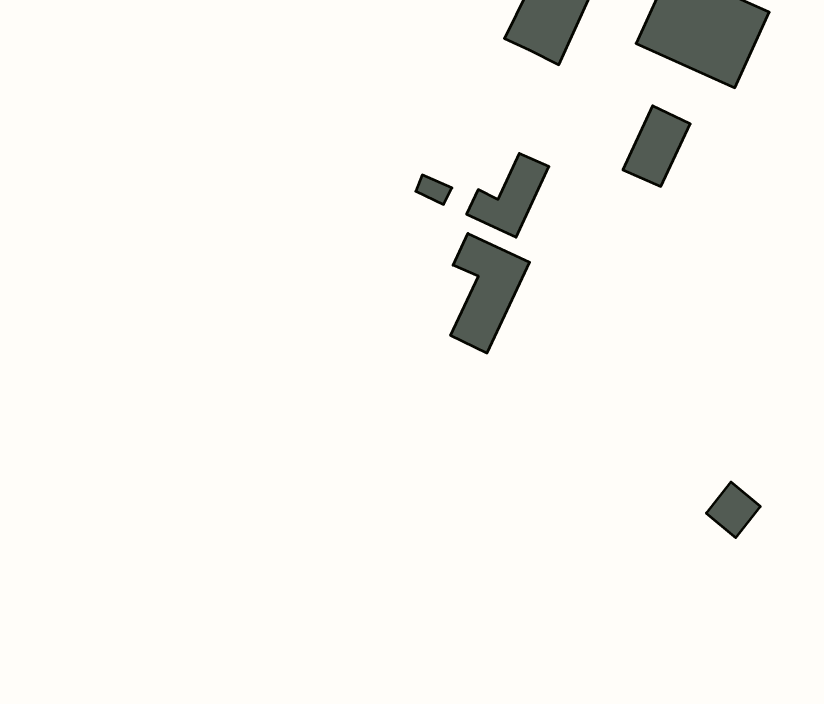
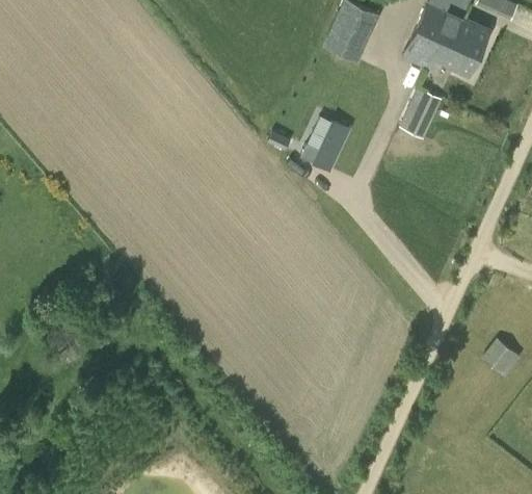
building: [451,233,530,353] -> none
building: [706,482,760,538] -> [481,339,515,374]

